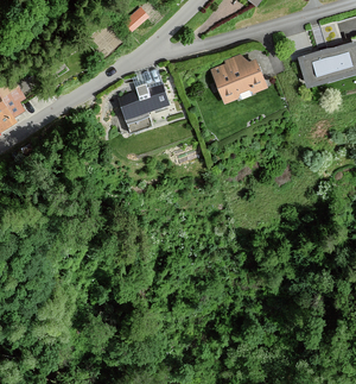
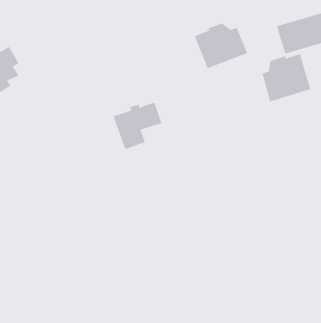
building: [116,82,170,134] -> [113,101,162,150]
building: none -> [261,53,311,103]

